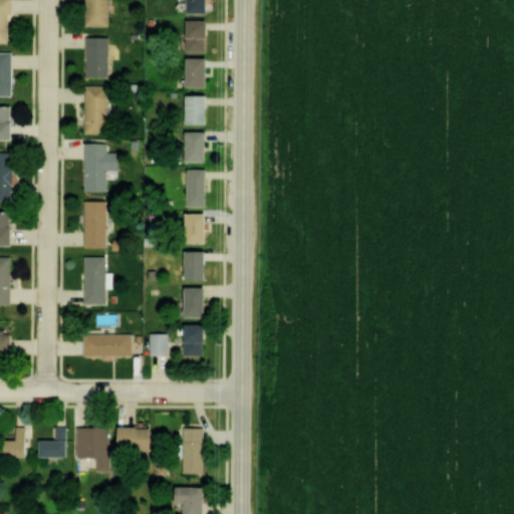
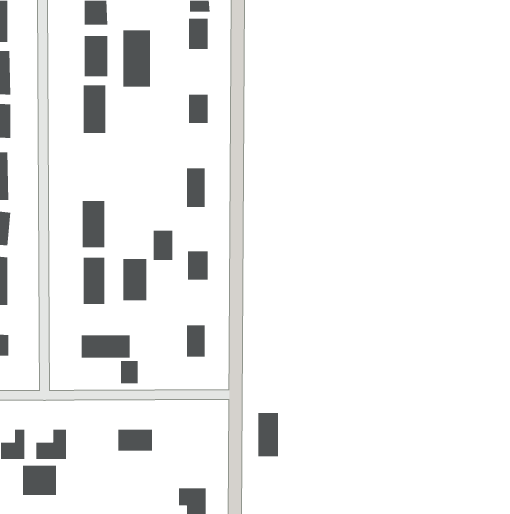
building: none -> [123,29,150,88]
building: [187,59,207,88] -> none
building: [186,133,207,162] -> none
building: [81,145,117,193] -> none
building: [185,215,205,245] -> [153,230,173,261]
building: none -> [123,258,147,301]
building: [185,289,206,319] -> none
building: [147,334,165,357] -> [120,360,138,384]
building: [73,429,107,459] -> [22,465,57,496]
building: [182,430,203,474] -> [258,412,279,457]

